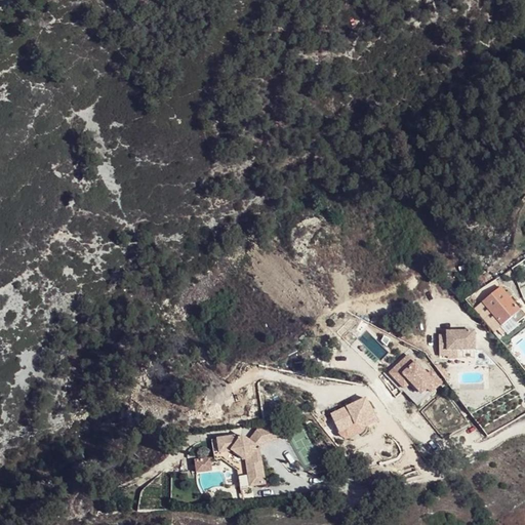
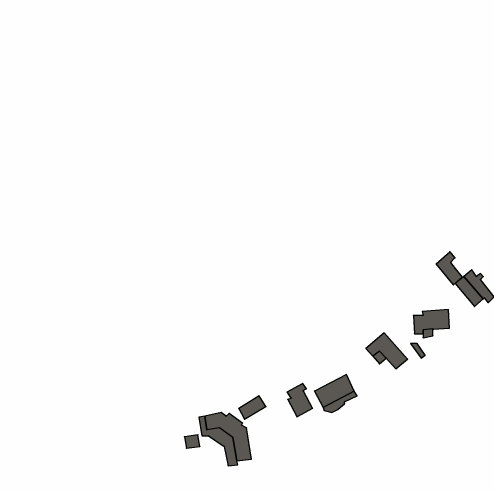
building: none -> [436,252,462,285]
building: none -> [287,383,312,417]

